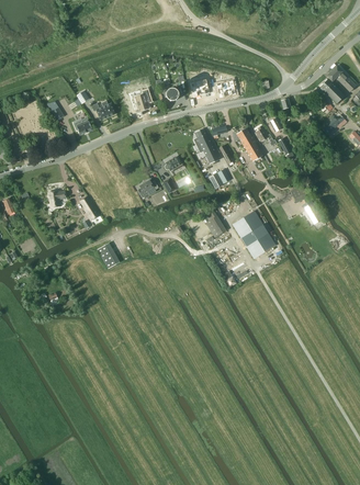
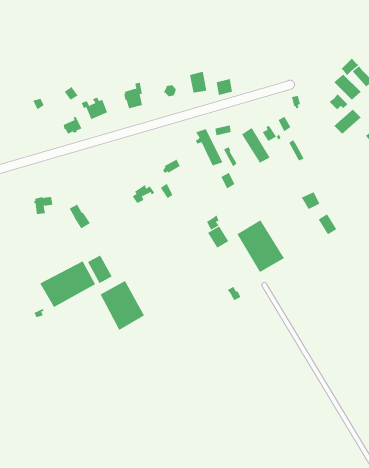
building: none -> [40,260,96,308]
building: none -> [100,280,145,331]

